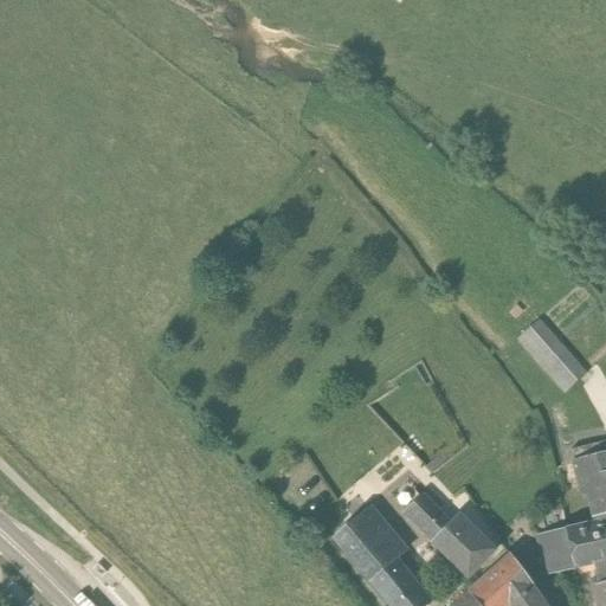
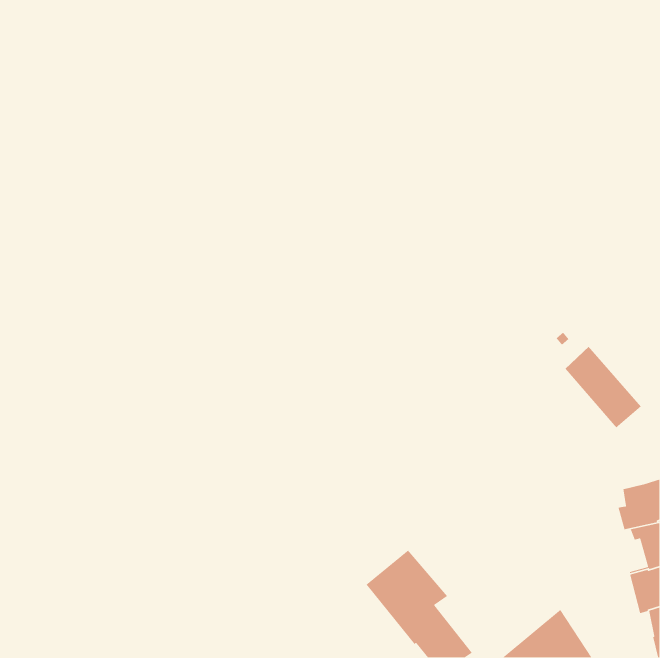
building: [402,494,497,579] -> none
building: [537,524,586,572] -> none

